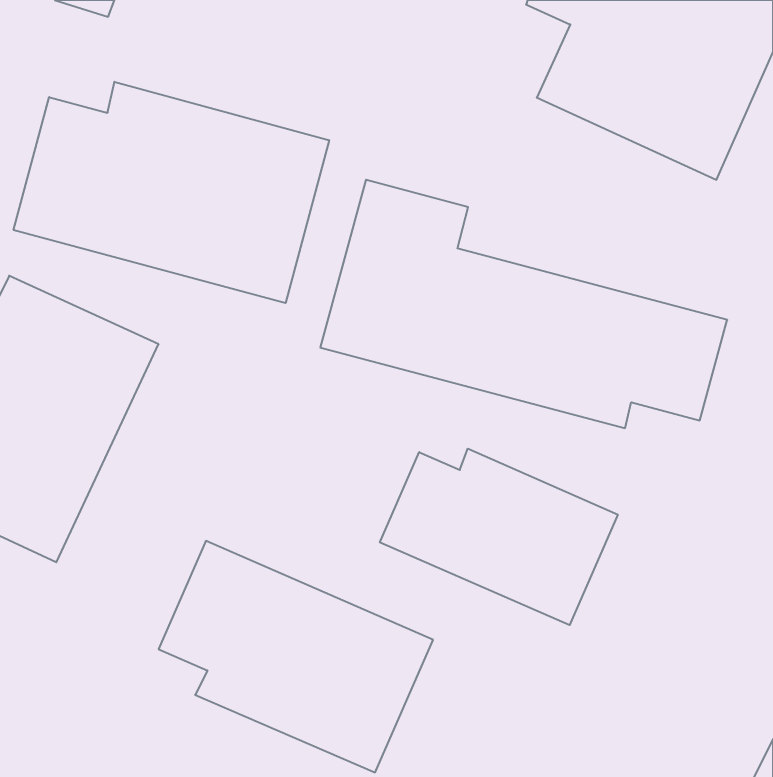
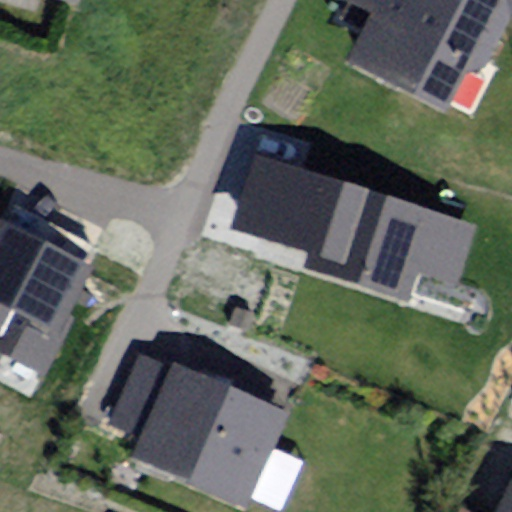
building: [14,82,329,303] -> none
building: [380,449,618,625] -> none

